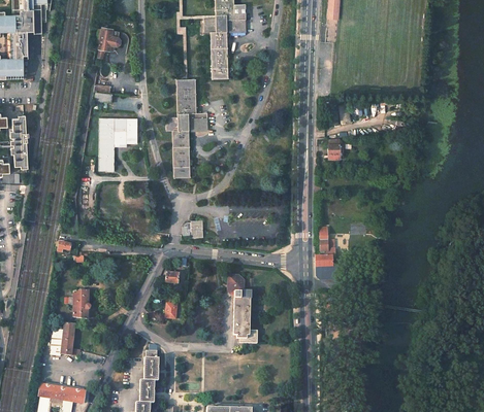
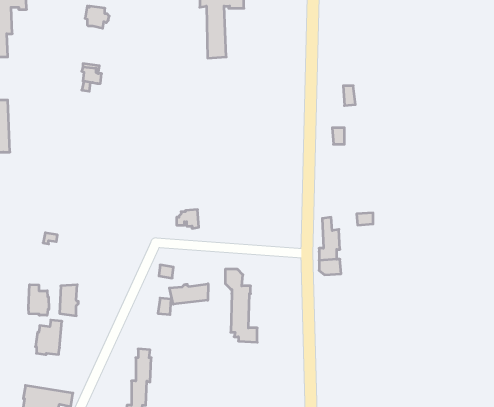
building: [165,79,206,178] -> none
building: [98,119,137,172] -> none
building: none -> [169,284,208,304]
building: none -> [29,285,49,315]

